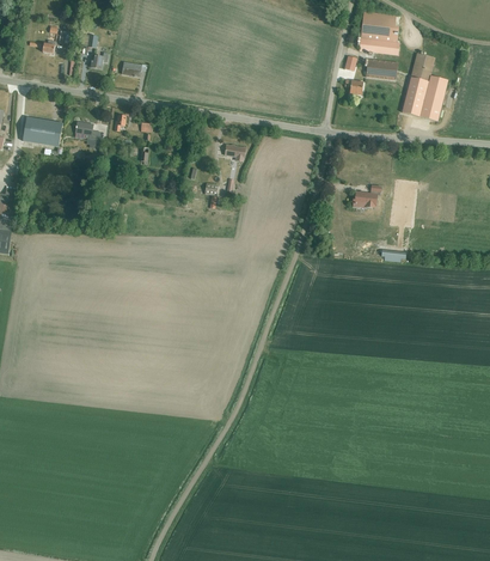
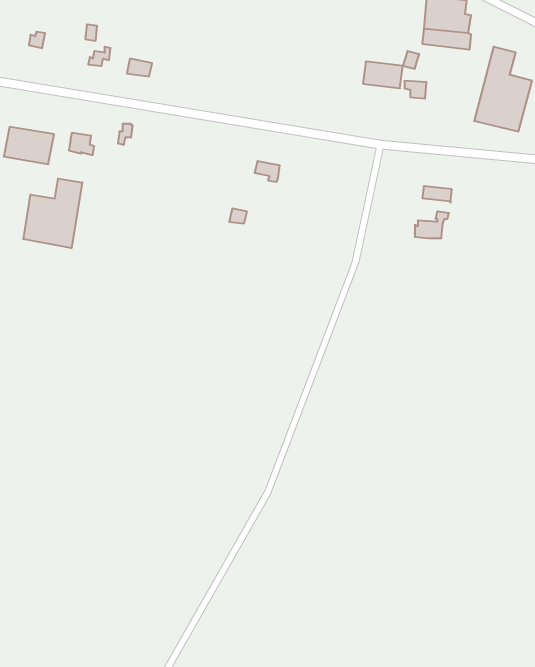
building: [365,57,397,79] -> [363,62,403,88]
building: none -> [23,179,82,248]

